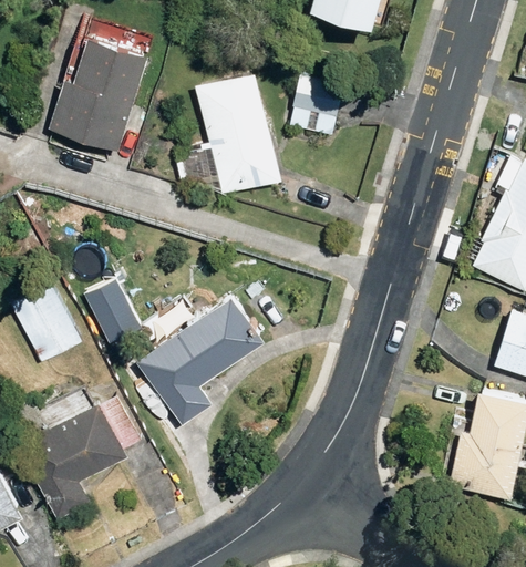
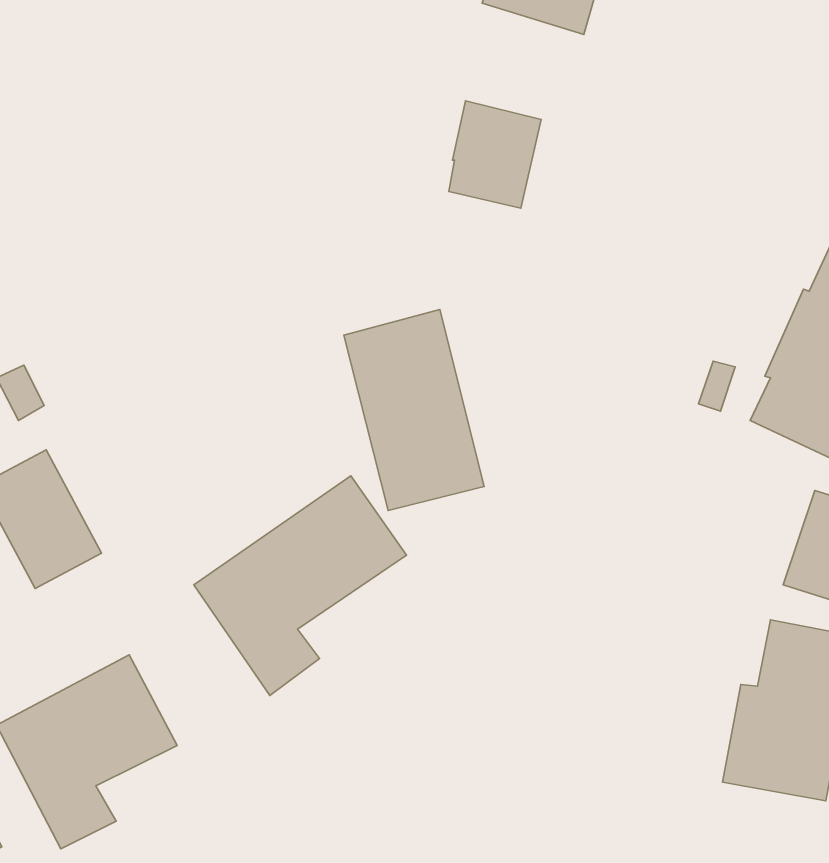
building: [49,41,146,153] -> none
building: [196,74,280,195] -> [344,309,484,511]
building: [86,279,142,343] -> none

